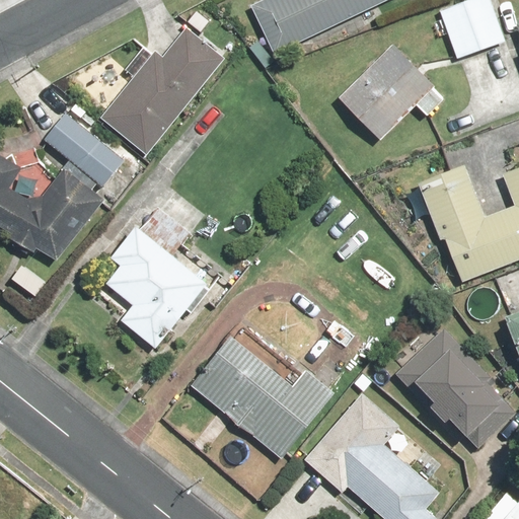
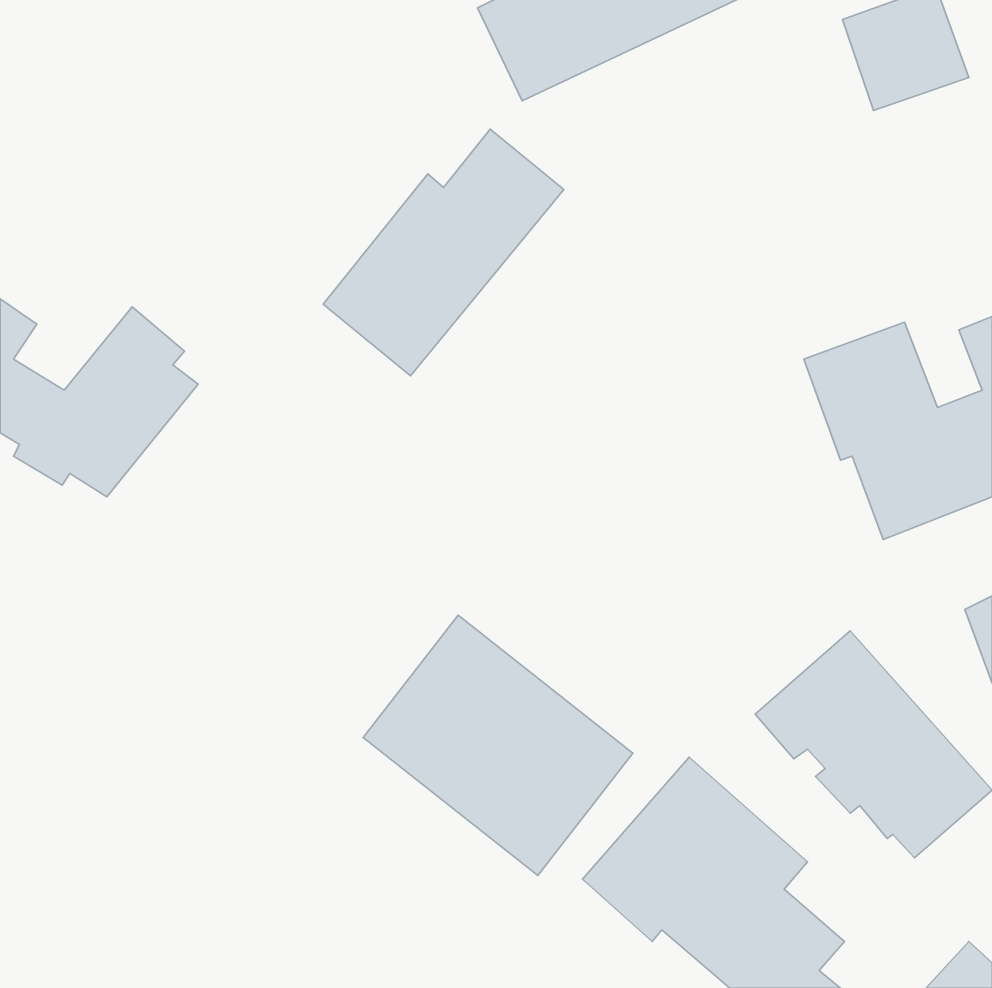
building: [99,26,225,155] -> [323,129,564,376]
building: [338,44,446,140] -> none
building: [43,112,124,187] -> none
building: [104,226,208,350] -> none

